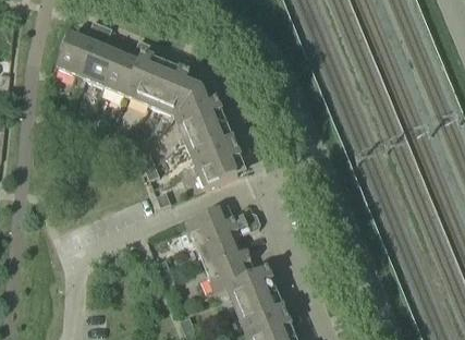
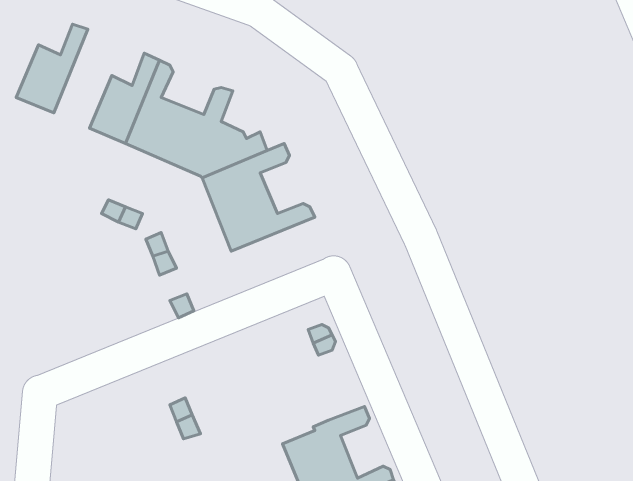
building: [82,22,119,85] -> none
building: [195,142,250,187] -> none
building: [186,207,257,292] -> none

